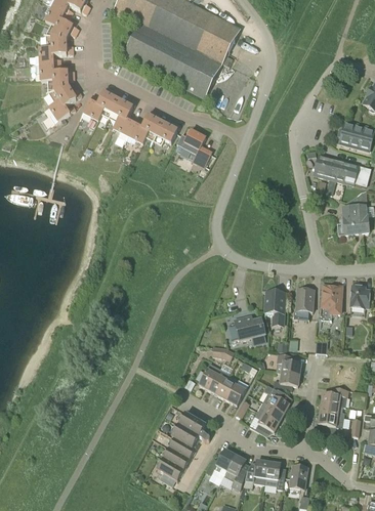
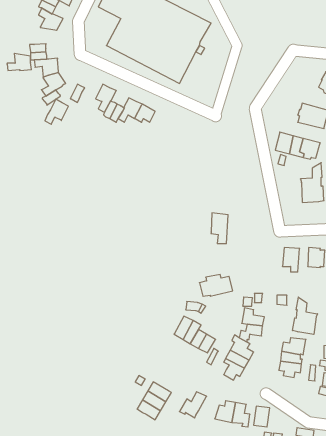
building: [39,35,67,54] -> [7,53,31,70]
building: [91,91,118,120] -> [45,99,68,124]
building: [183,130,211,167] -> none
building: [296,288,314,311] -> none
building: [265,290,285,325] -> [211,213,228,244]
building: none -> [293,297,317,334]
building: [172,413,210,448] -> none
building: [223,454,247,491] -> none

